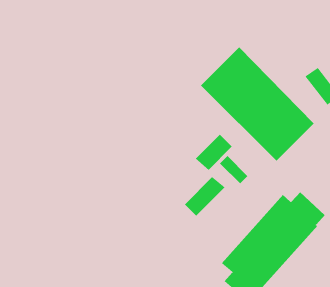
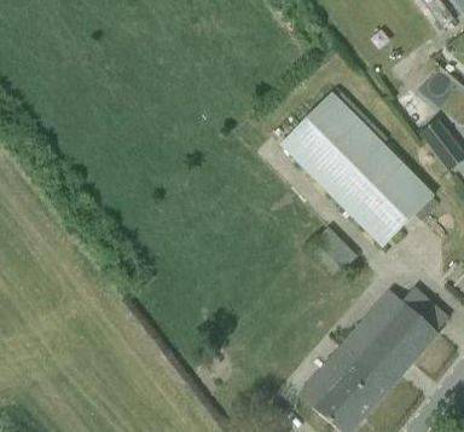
building: [195,134,233,171] -> none
building: [184,176,225,216] -> none

